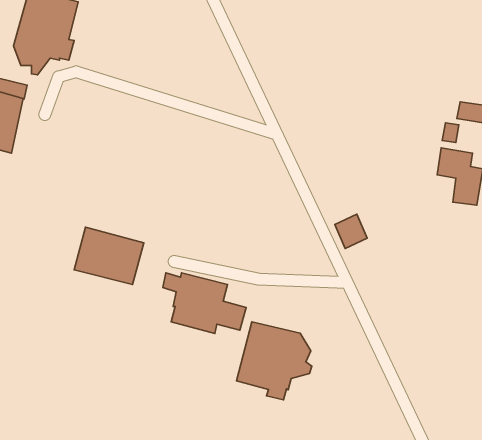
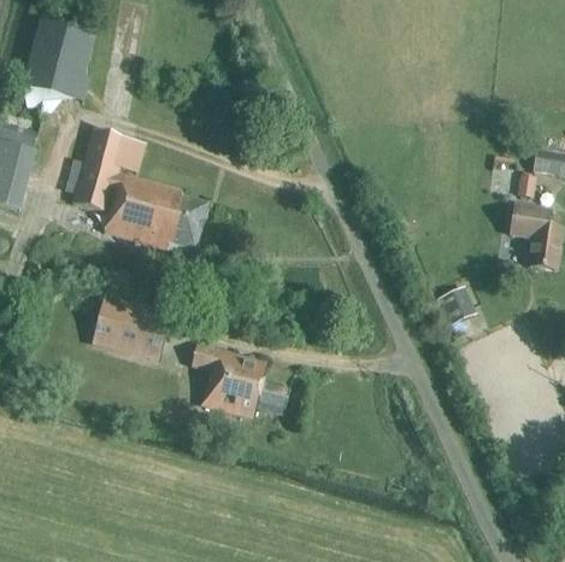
building: none -> [65,127,207,250]
building: [335,214,367,248] -> [437,285,475,324]
building: [237,322,312,400] -> none

